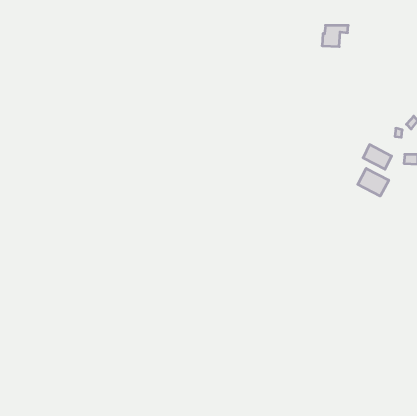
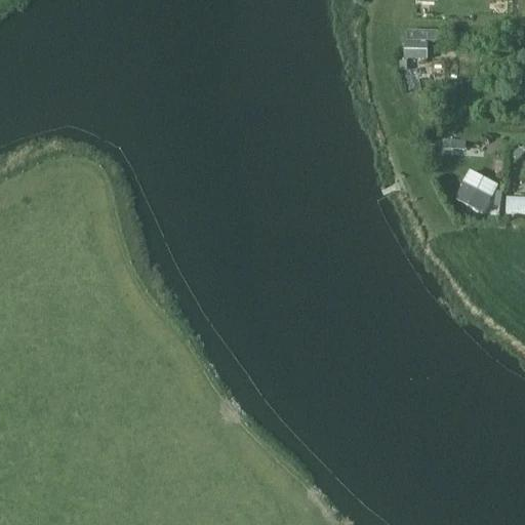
building: [358,168,389,196] -> none

